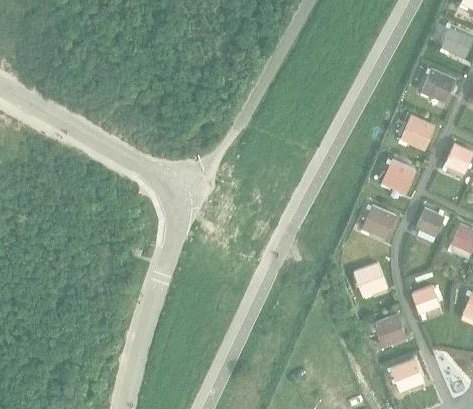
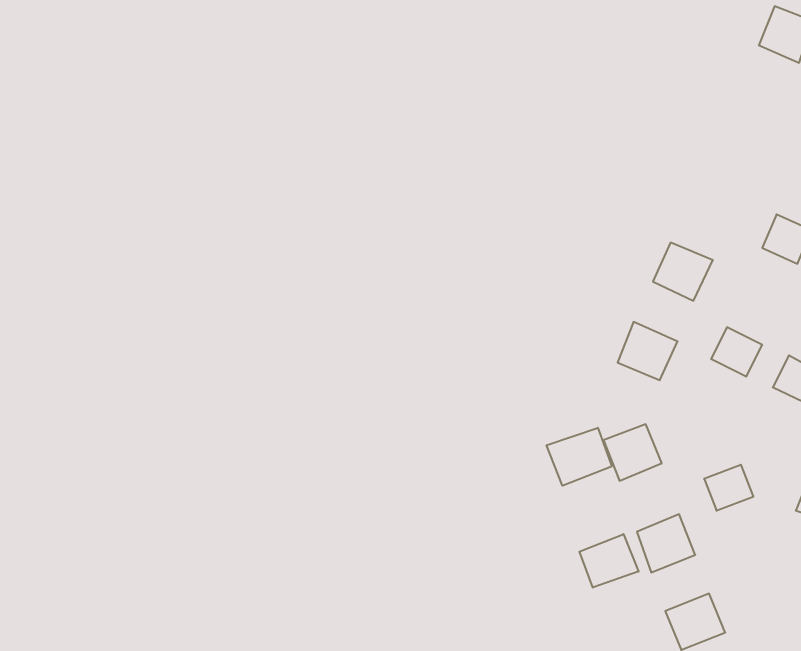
building: [422,69,455,101] -> none
building: [403,116,435,146] -> none
building: none -> [547,428,612,486]
building: none -> [579,534,639,588]

